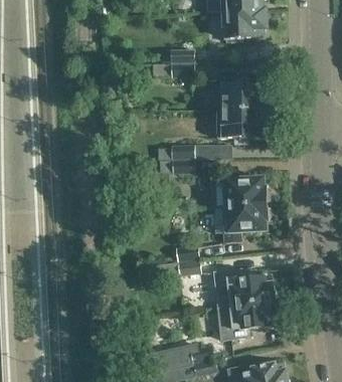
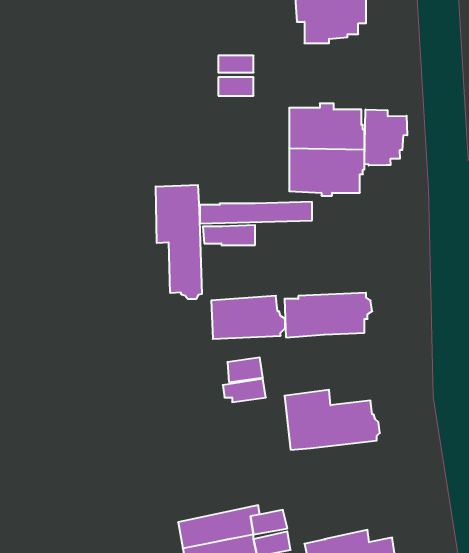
building: none -> [364,109,407,166]
building: none -> [156,185,202,299]
building: [219,178,268,206] -> [211,296,285,339]
building: [223,301,276,339] -> none

